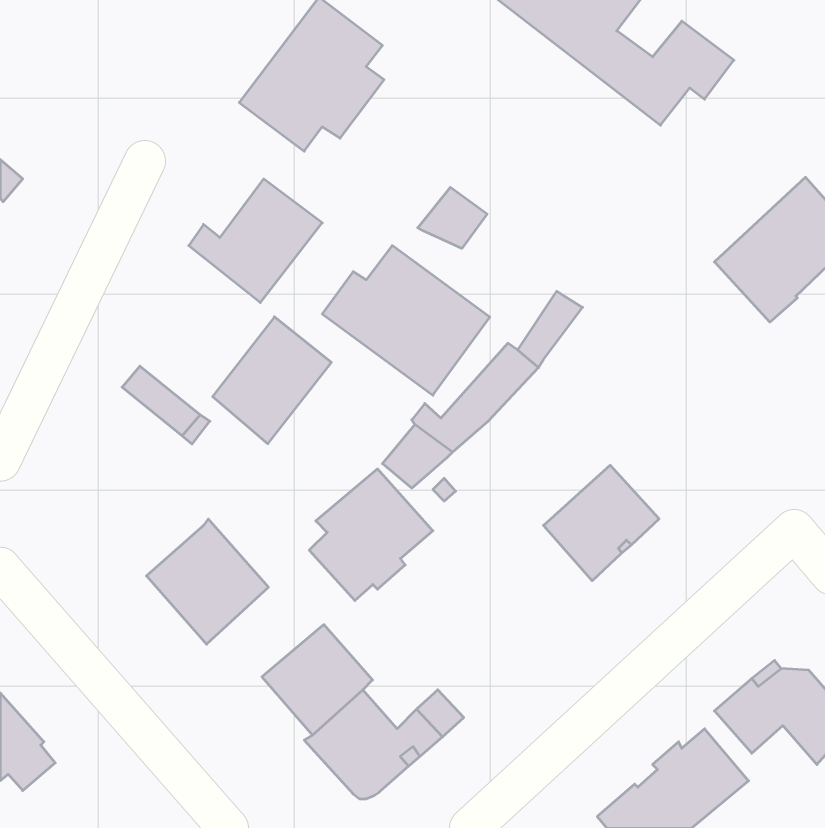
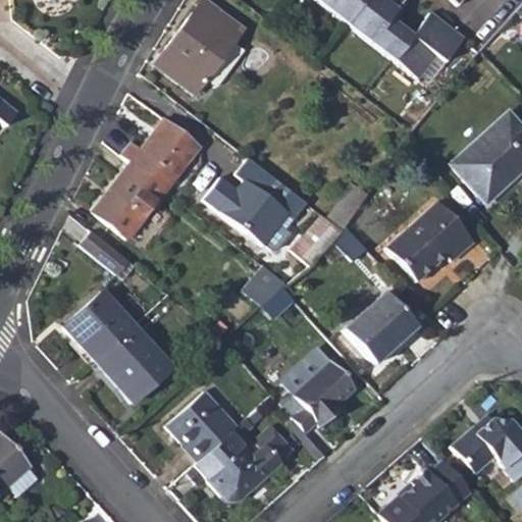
building: [418,187,487,248] -> none
building: [213,317,331,444] -> [93,161,167,241]
building: none -> [386,201,474,281]
building: none -> [63,294,132,361]
building: [309,469,433,601] -> [278,350,356,432]

